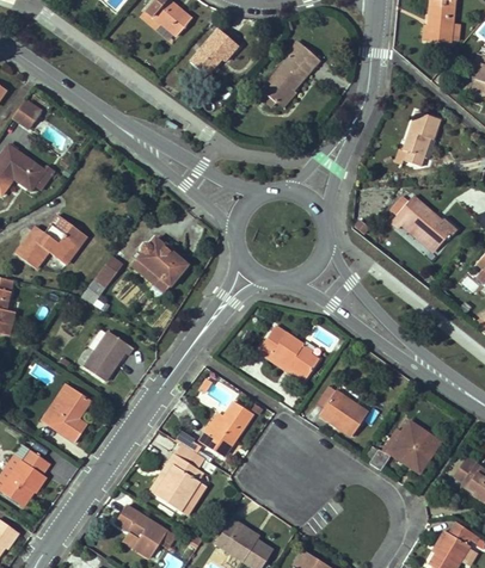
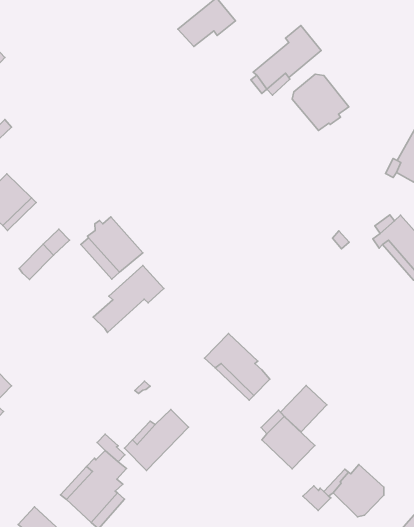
building: none -> [292,74,349,130]
building: none -> [93,266,164,332]
building: [84,331,133,381] -> none
building: none -> [281,385,327,432]

